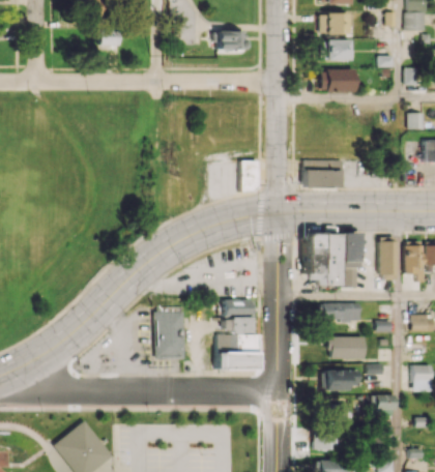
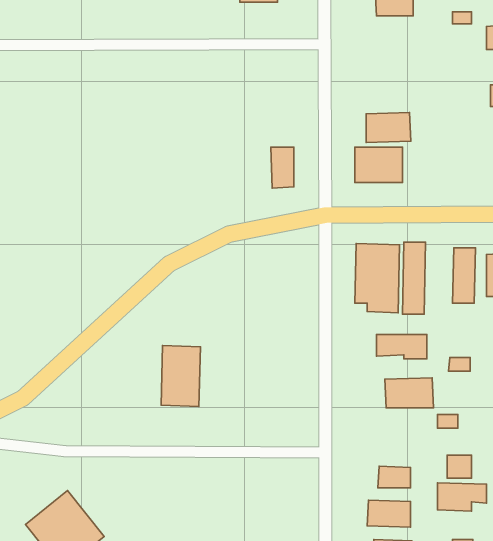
building: [322,69,356,92] -> [366,113,411,142]
building: [219,300,259,370] -> none
building: [322,370,359,391] -> [438,483,486,511]

